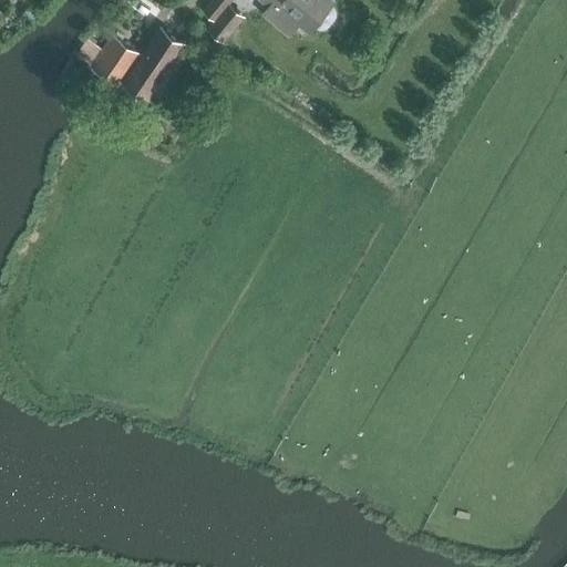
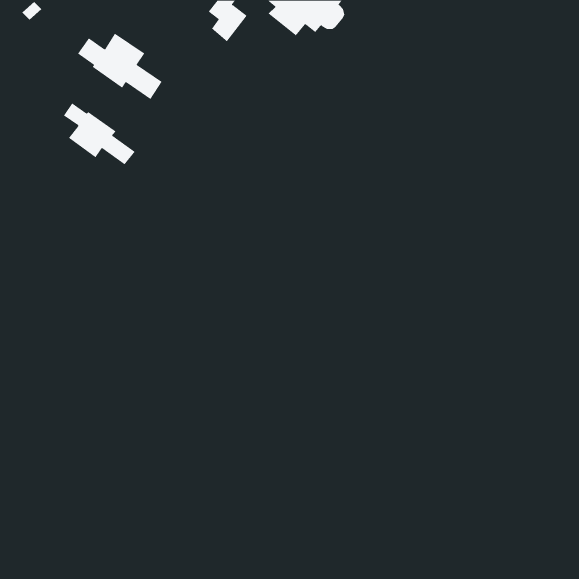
building: [134,25,185,81] -> none
building: none -> [63,103,135,165]

